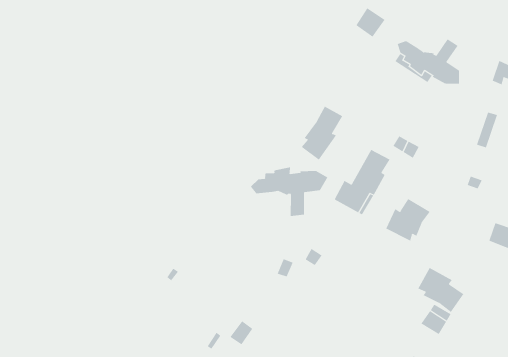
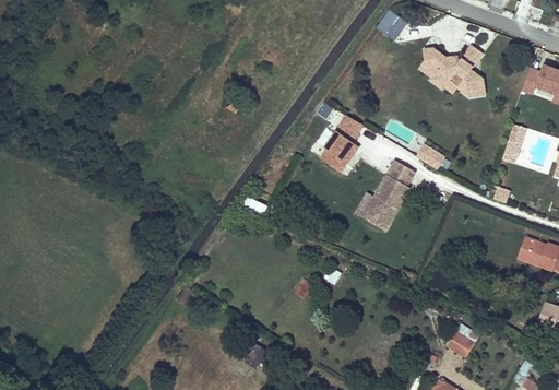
building: [250,167,328,217] -> none
building: [386,198,430,242] -> none
building: [417,267,464,313] -> none

